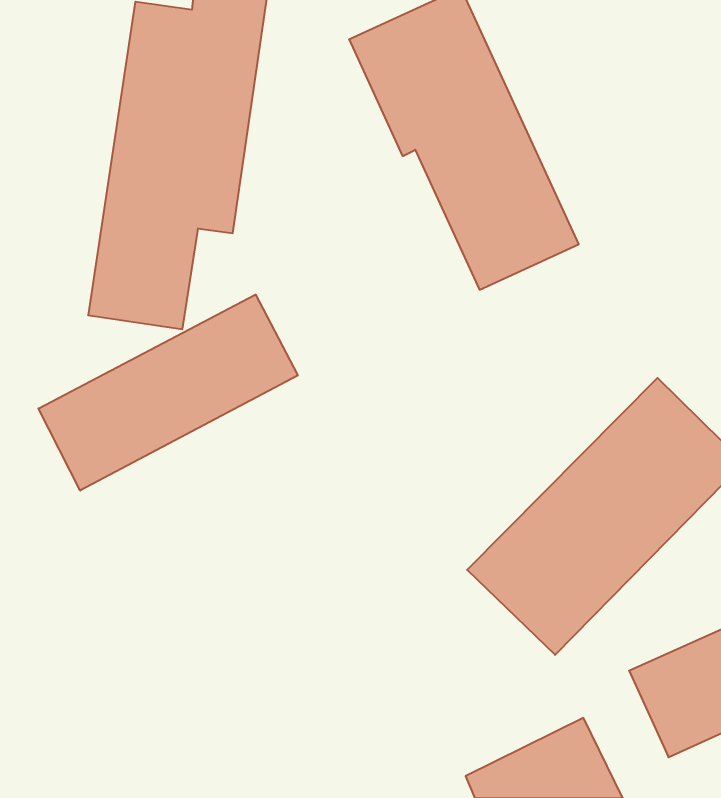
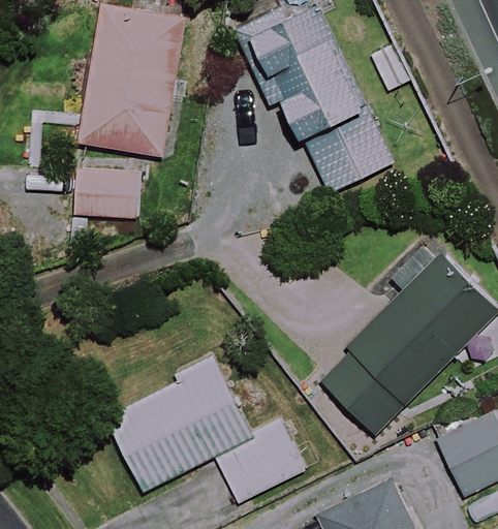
building: [38,295,298,491] -> none
building: none -> [106,362,305,504]

